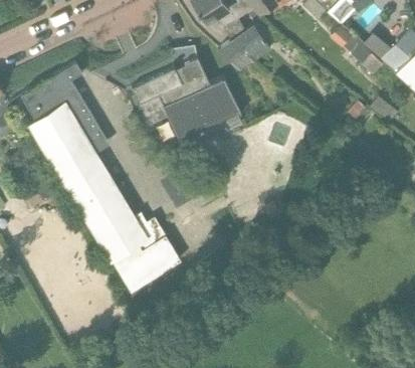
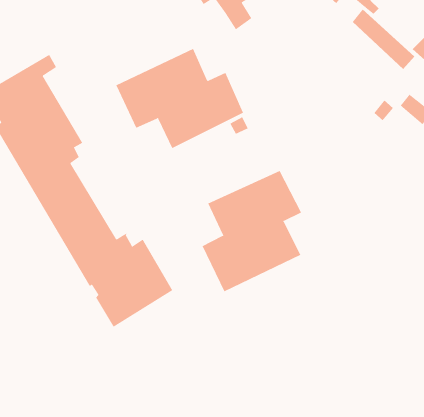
building: [218,26,270,70] -> none
building: none -> [202,170,302,292]

